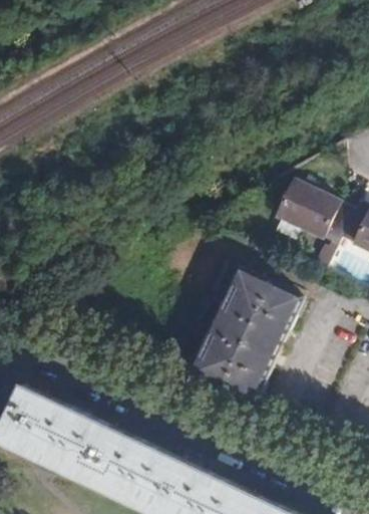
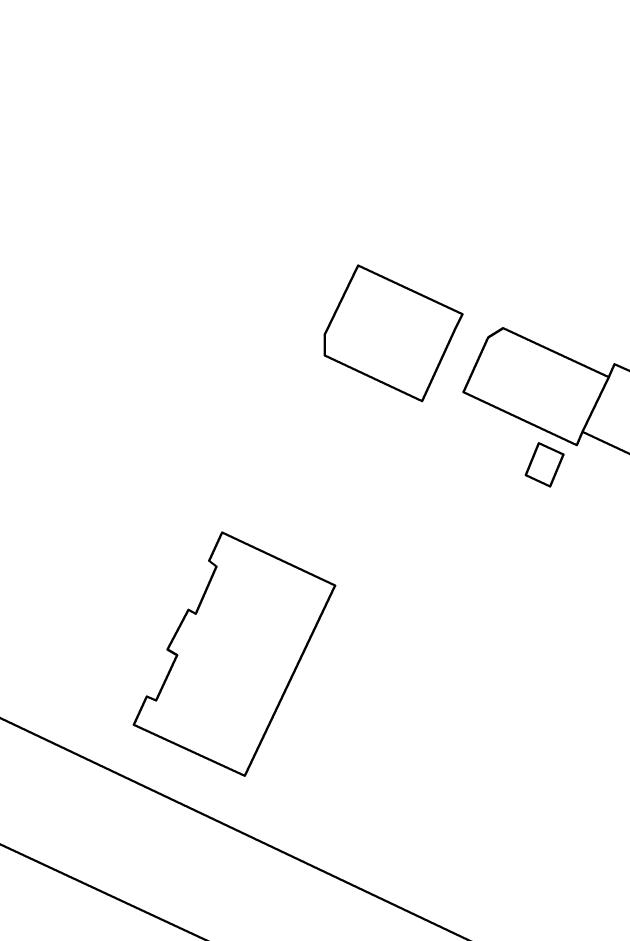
building: none -> [325,265,463,401]
building: [194,263,301,393] -> [134,533,335,776]

